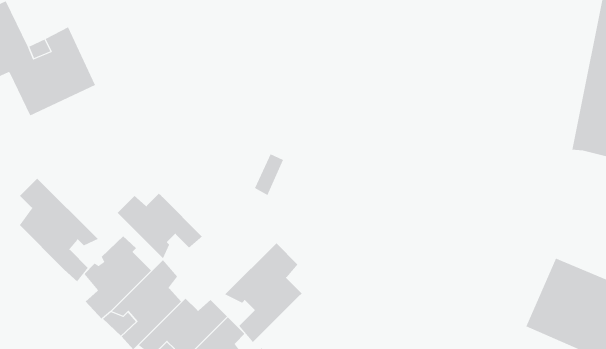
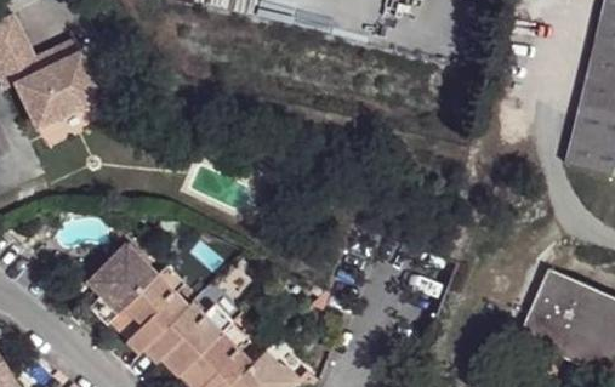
building: [19,178,99,282] -> none
building: [117,193,203,259] -> none
building: [224,243,302,343] -> none

